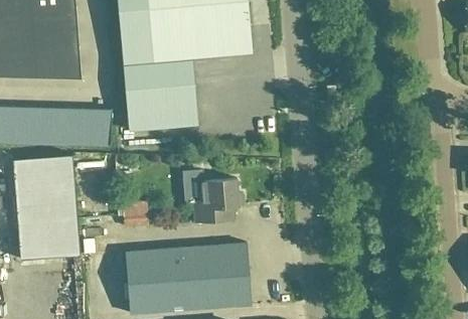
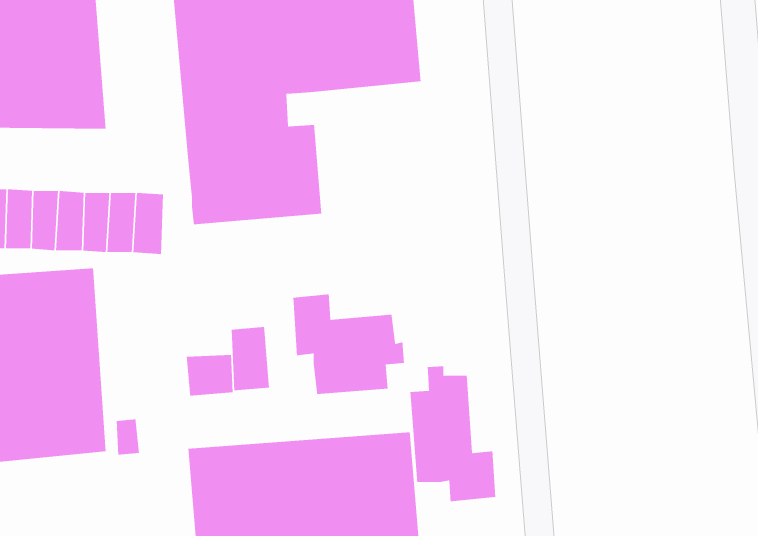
building: none -> [231,326,270,391]
building: none -> [409,365,496,502]

